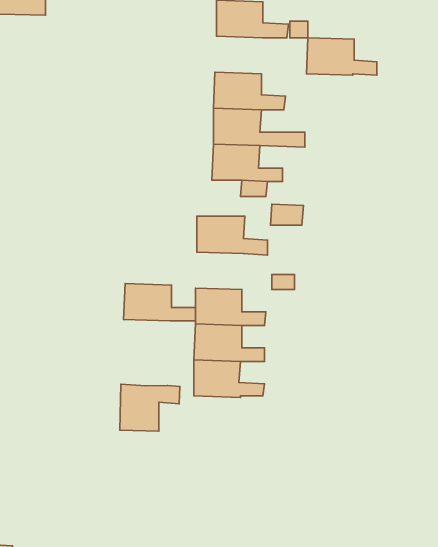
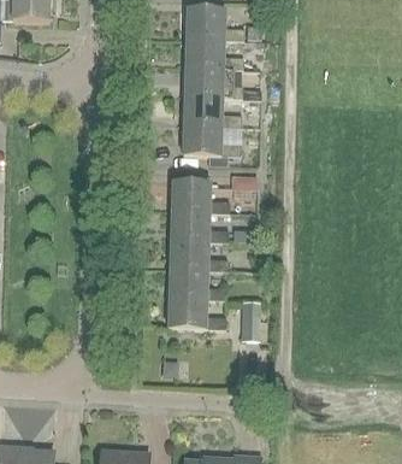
building: [306,38,377,75] -> [185,37,242,67]
building: [124,284,195,321] -> [170,211,227,241]
building: none -> [242,298,261,336]
building: [120,384,180,431] -> none

